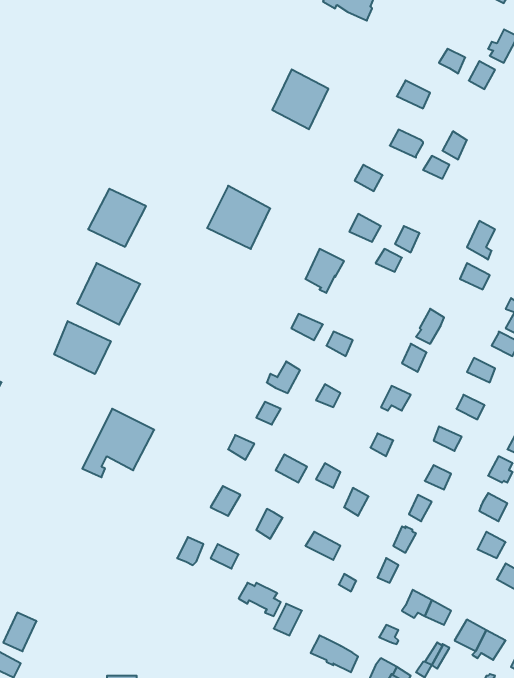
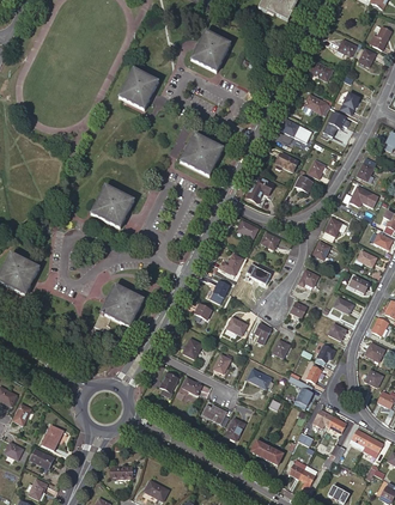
building: [272,69,328,129] -> [192,31,230,72]
building: [88,189,146,247] -> [118,69,158,109]
building: [54,321,111,374] -> none

